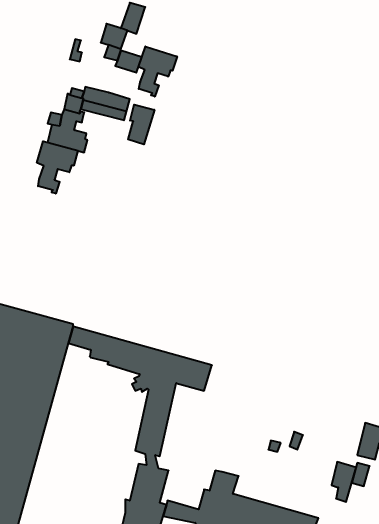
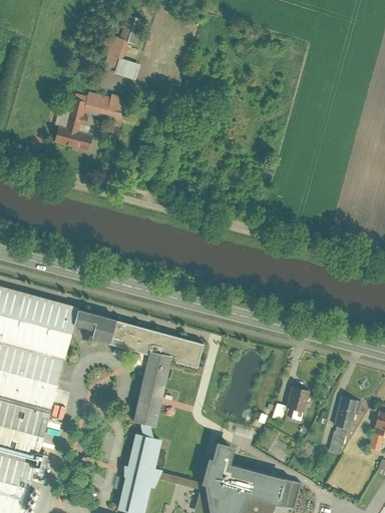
building: [139,46,177,97] -> none
building: [128,105,154,144] -> none
building: [37,141,78,194] -> none
building: [332,462,356,502] -> [287,387,309,423]

